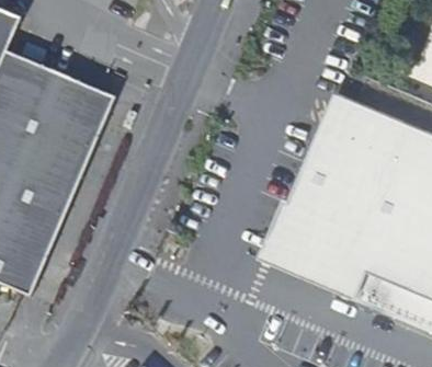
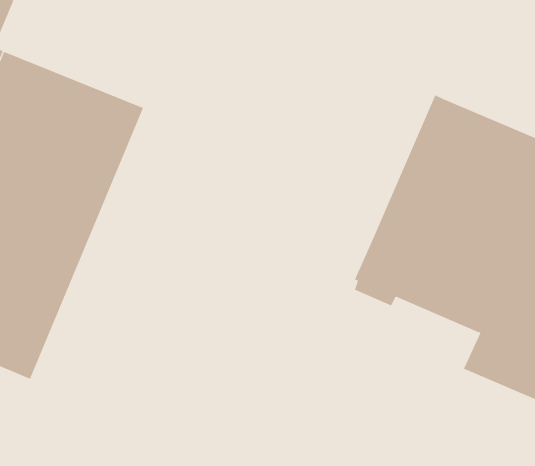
building: [253,196,362,291] -> none

